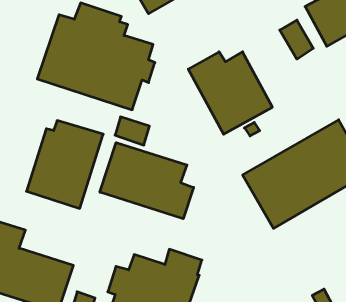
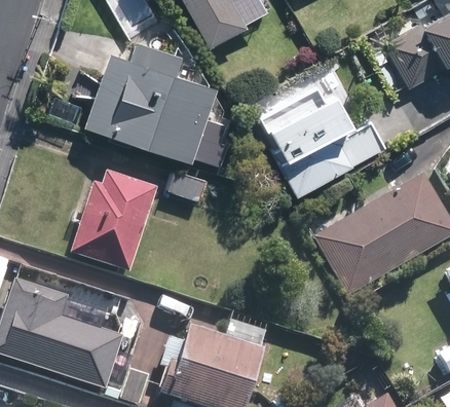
building: [100,143,194,219] -> none

